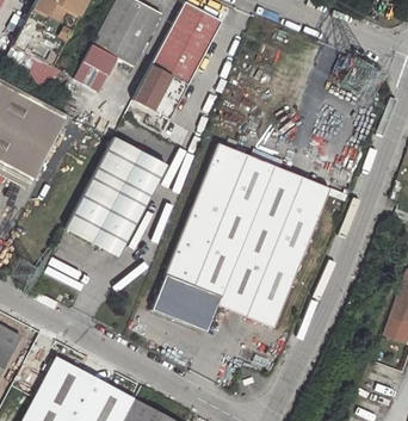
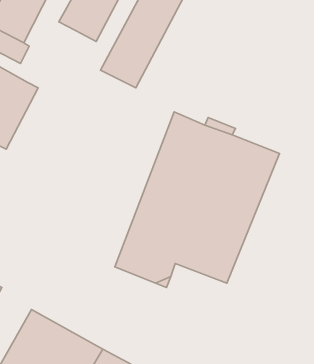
building: [72,47,115,94] -> none
building: [66,140,166,256] -> none

